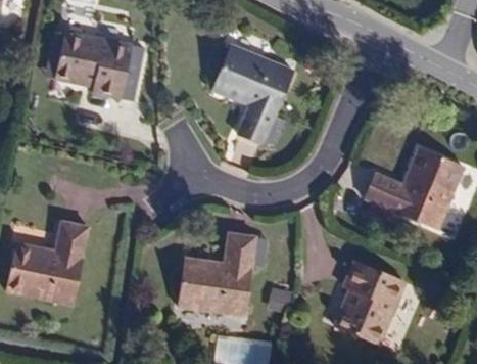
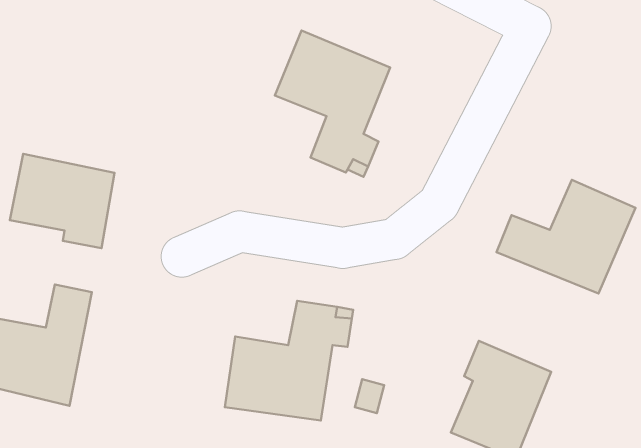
building: [55,33,128,98] -> [10,154,115,248]

